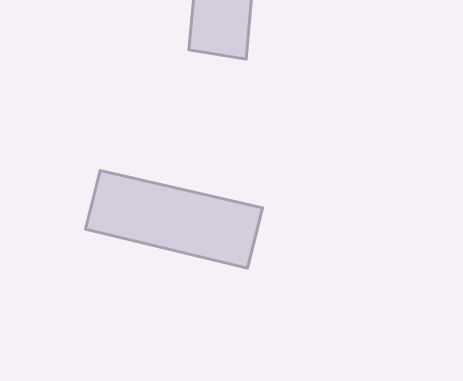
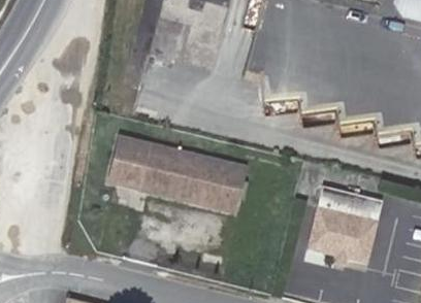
building: none -> [311,184,387,263]

